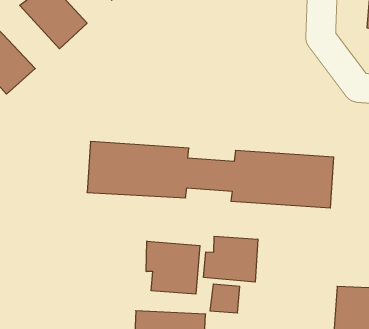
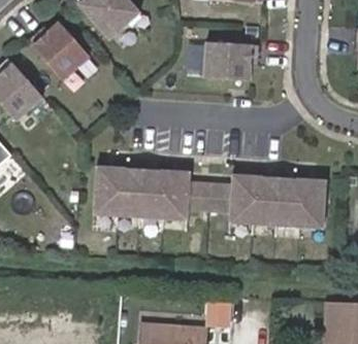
building: none -> [204,46,259,84]
building: [204,236,258,282] -> none
building: [146,241,200,294] -> none

